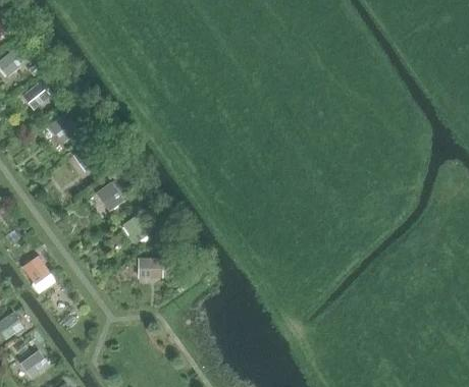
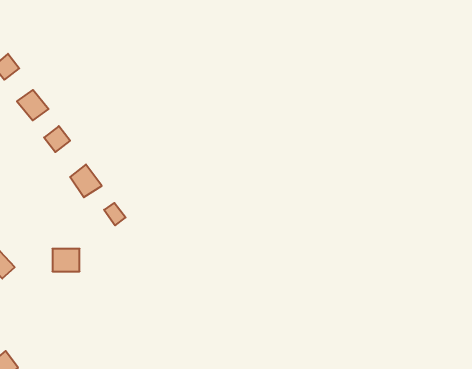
building: [137,258,161,278] -> [52,249,80,271]

